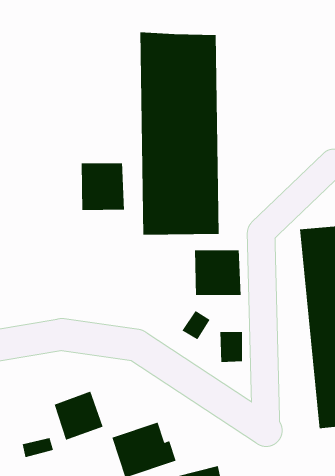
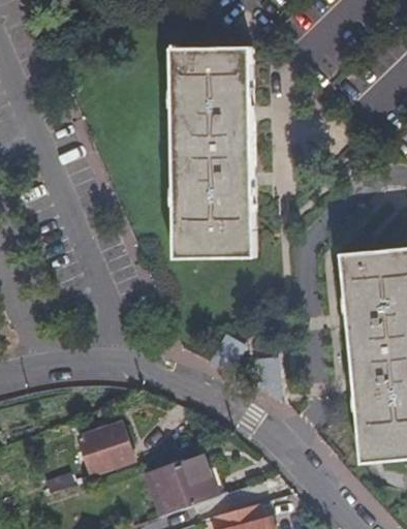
building: [81,163,124,211] -> none
building: [194,250,241,296] -> none

